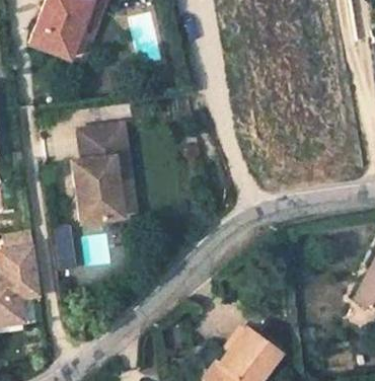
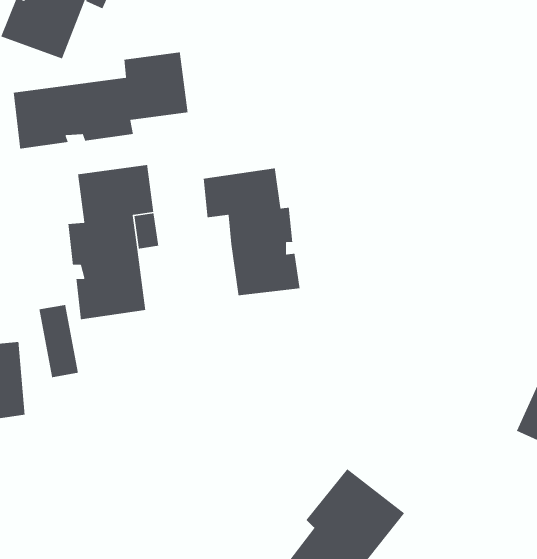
building: none -> [13,51,188,150]
building: none -> [203,167,300,296]

